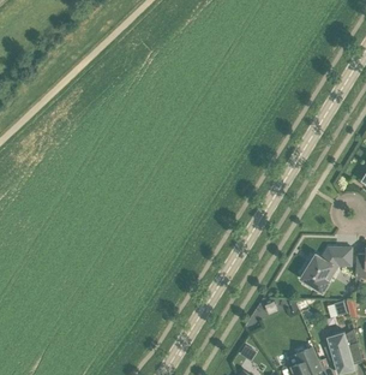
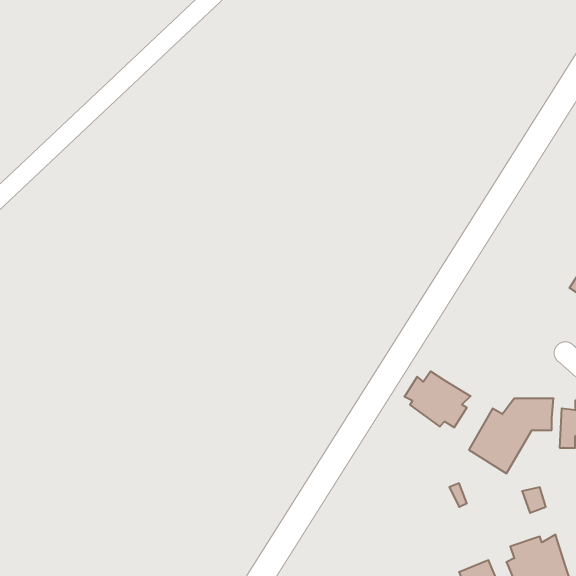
building: none -> [404,371,471,428]

